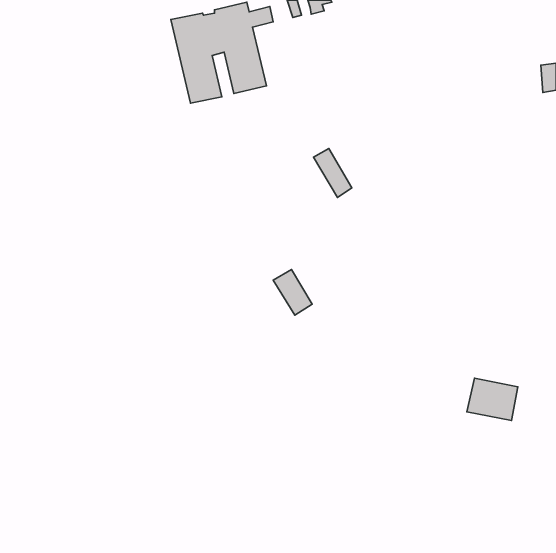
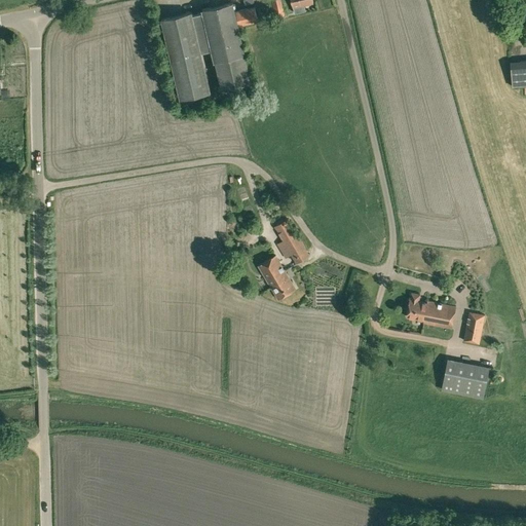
building: [314,149,352,197] -> [273,220,309,266]
building: none -> [406,295,455,329]
building: none -> [463,313,485,345]

